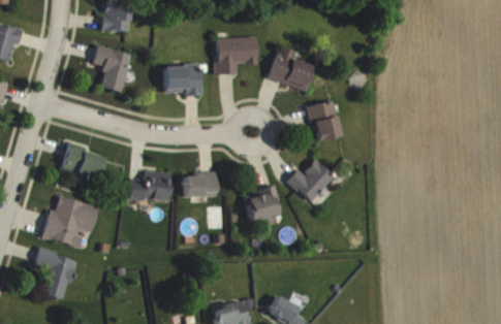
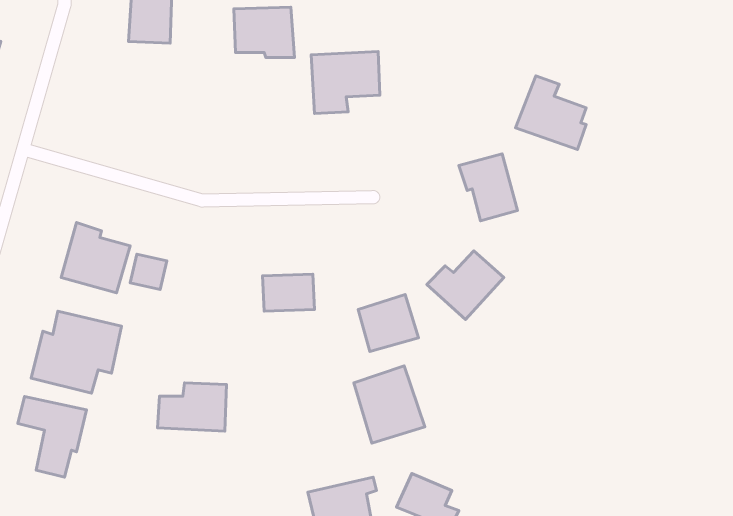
building: [92,45,130,92] -> none
building: [268,45,311,91] -> [516,76,586,150]
building: [163,64,200,95] -> [234,7,294,57]
building: [127,171,169,201] -> [158,383,226,431]
building: none -> [354,366,425,443]

